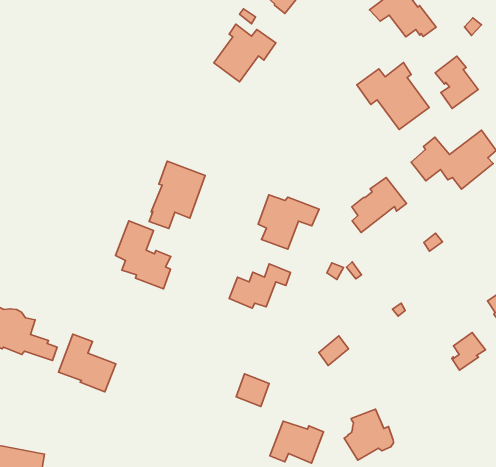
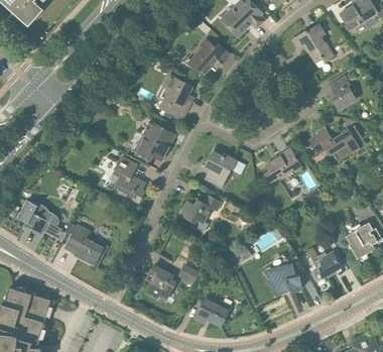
building: [357,63,429,130] -> none
building: none -> [160,75,194,116]
building: none -> [148,264,175,300]
building: [344,409,394,460] -> [270,264,301,296]

